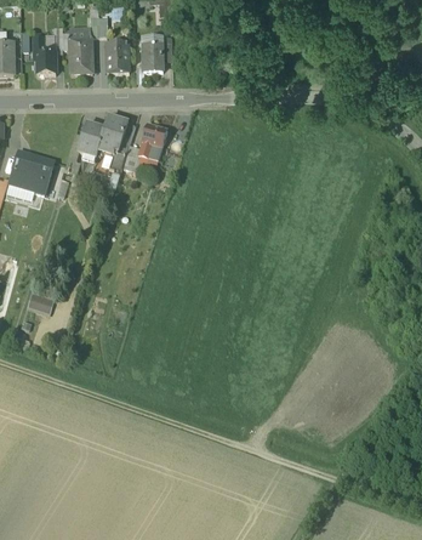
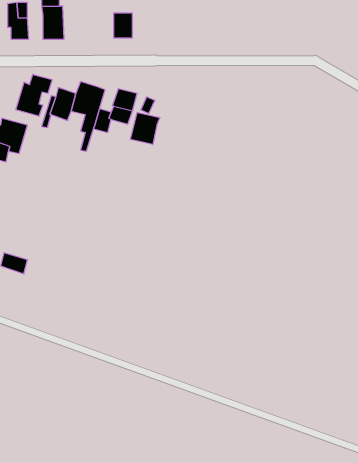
building: [107,40,130,72] -> none
building: none -> [16,74,52,116]
building: none -> [130,112,160,145]

